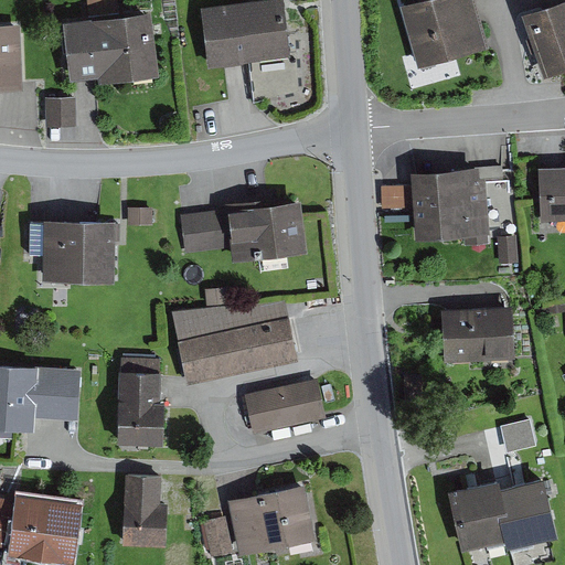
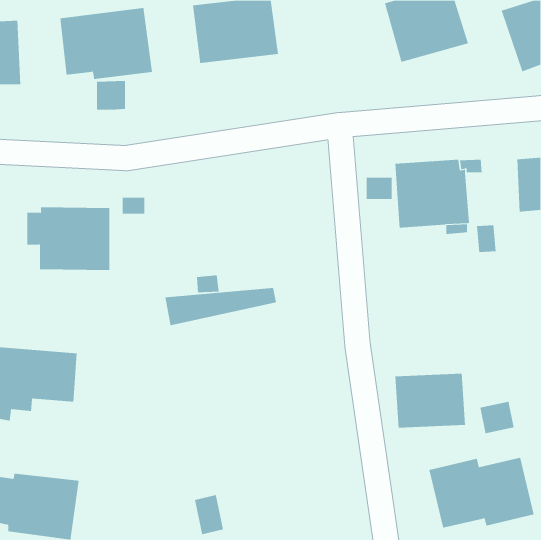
building: [44,97,75,128] -> [96,80,126,110]
building: [179,195,306,262] -> none
building: [440,307,514,364] -> [395,373,466,428]
building: [177,317,298,385] -> none
building: [116,359,163,445] -> none
building: [244,380,324,435] -> none
building: [121,475,167,546] -> none
building: [227,484,315,555] -> none

